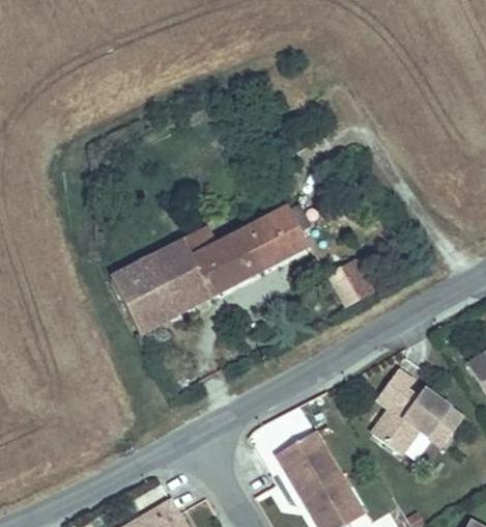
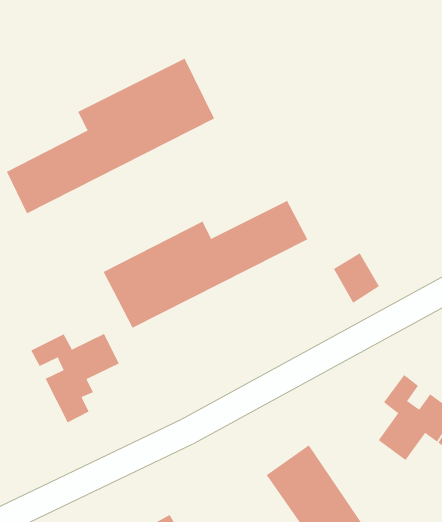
building: none -> [6,58,215,214]
building: none -> [30,333,119,423]

